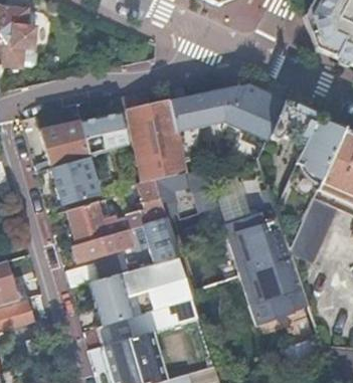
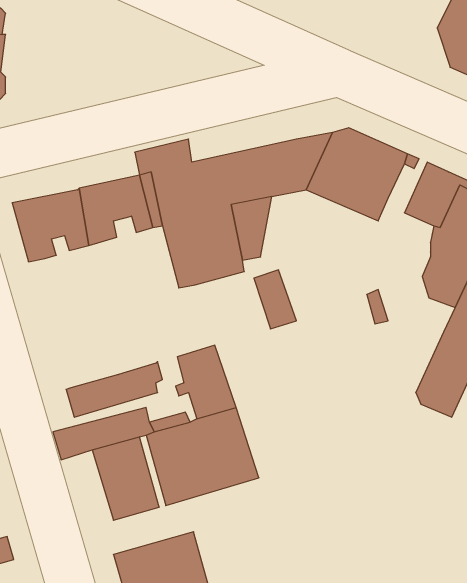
building: [50,155,100,204] -> none
building: [125,179,165,227] -> none
building: [66,201,106,242] -> none
building: [222,205,308,324] -> none
building: [97,298,199,345] -> none

